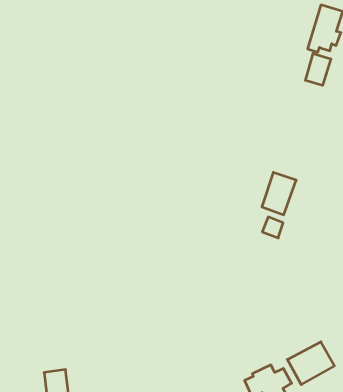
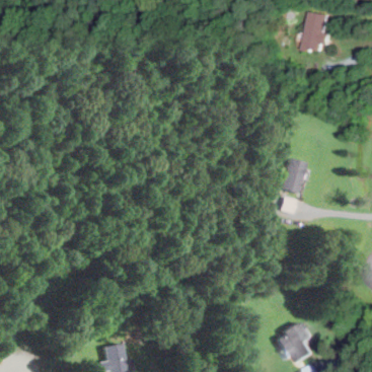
building: [305,53,331,85] -> none
building: [287,342,334,385] -> none

